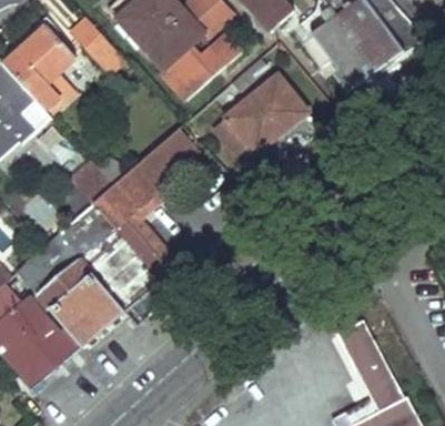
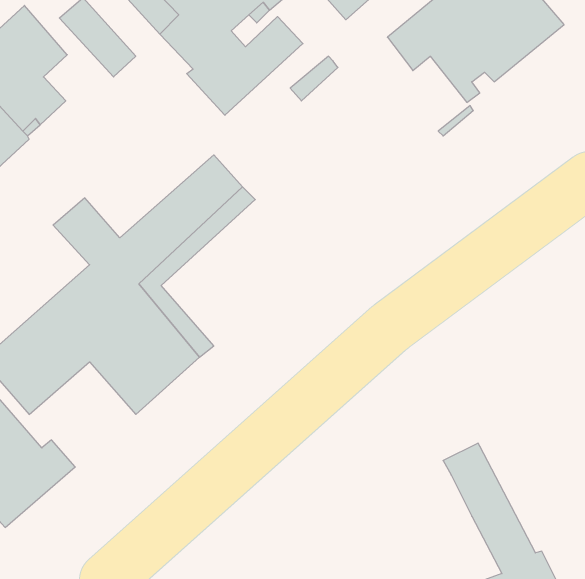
building: [216,70,311,159] -> none
building: [50,271,124,344] -> none

